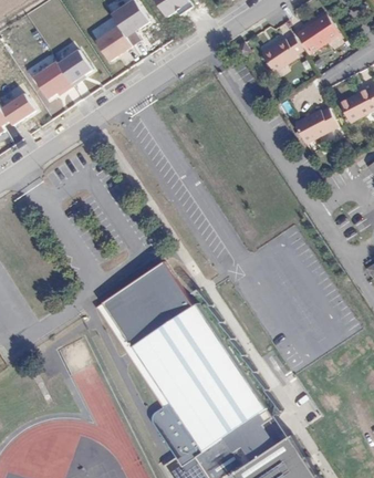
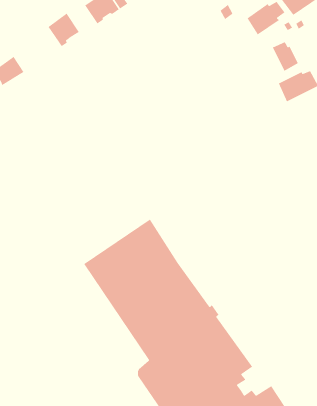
building: [34,63,73,98] -> none
building: none -> [272,41,299,72]

